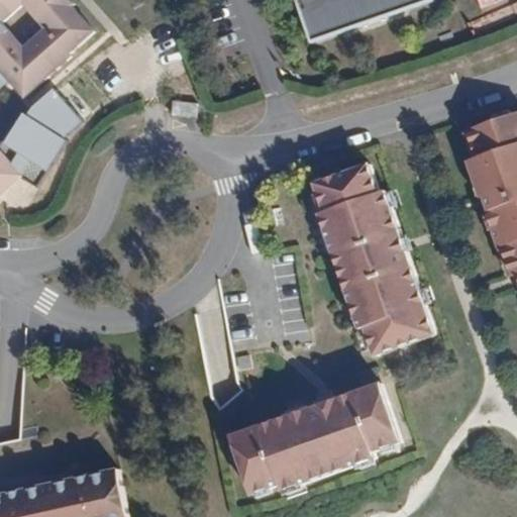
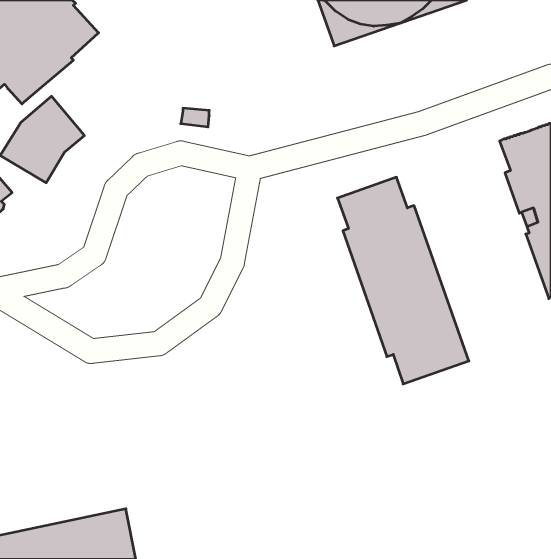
building: [227,383,398,494] -> none

